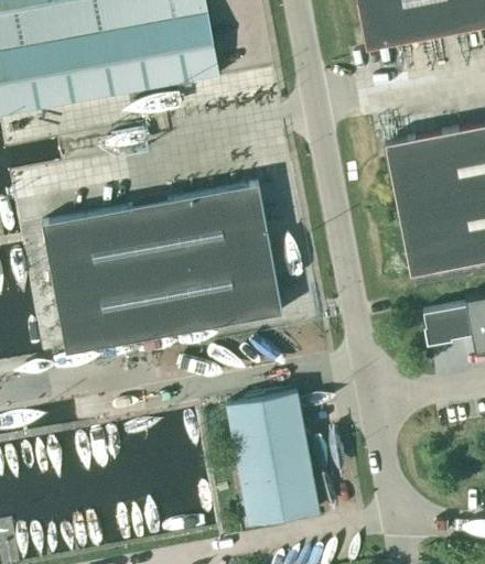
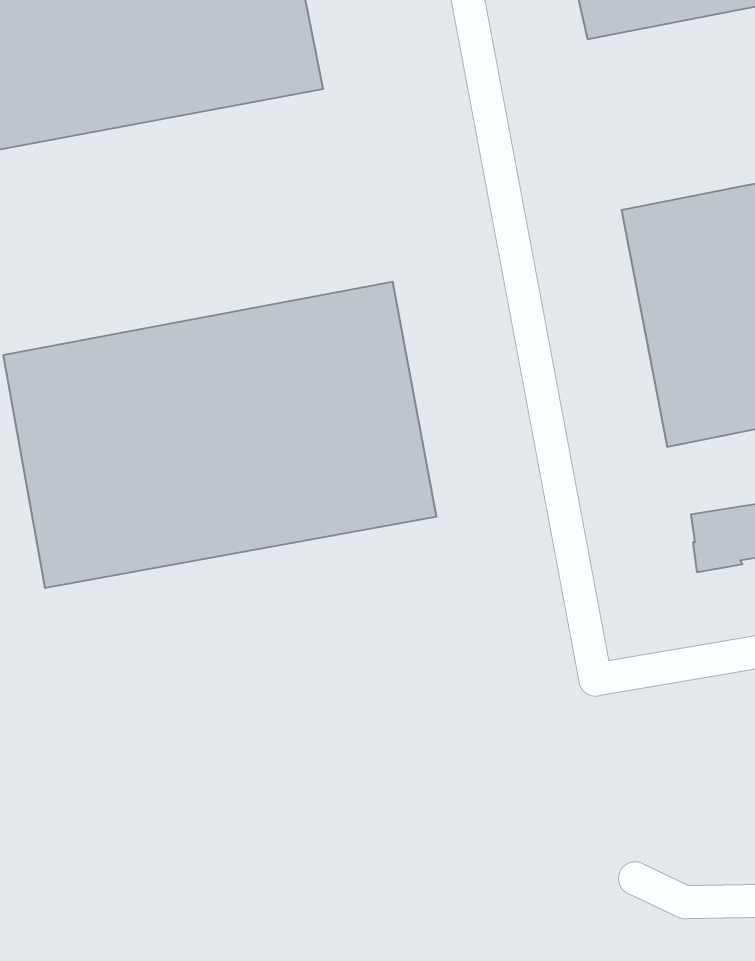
building: [226,393,319,525] -> none

